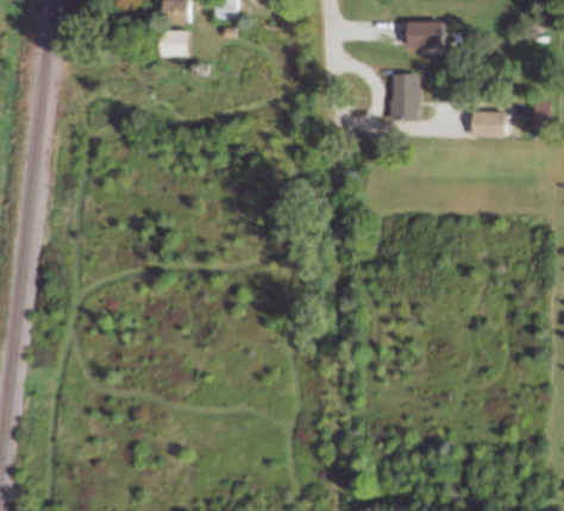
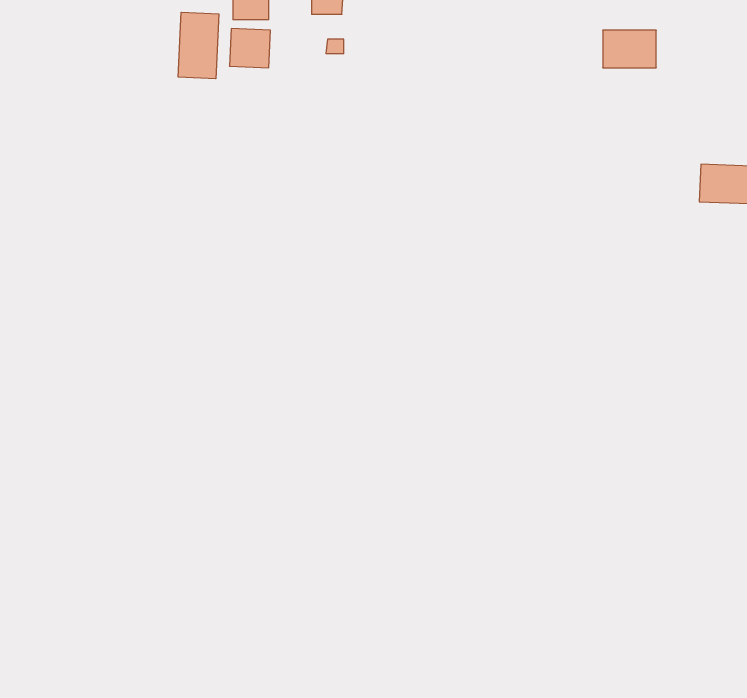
building: none -> [178,12,219,79]
building: [393,68,414,121] -> none

